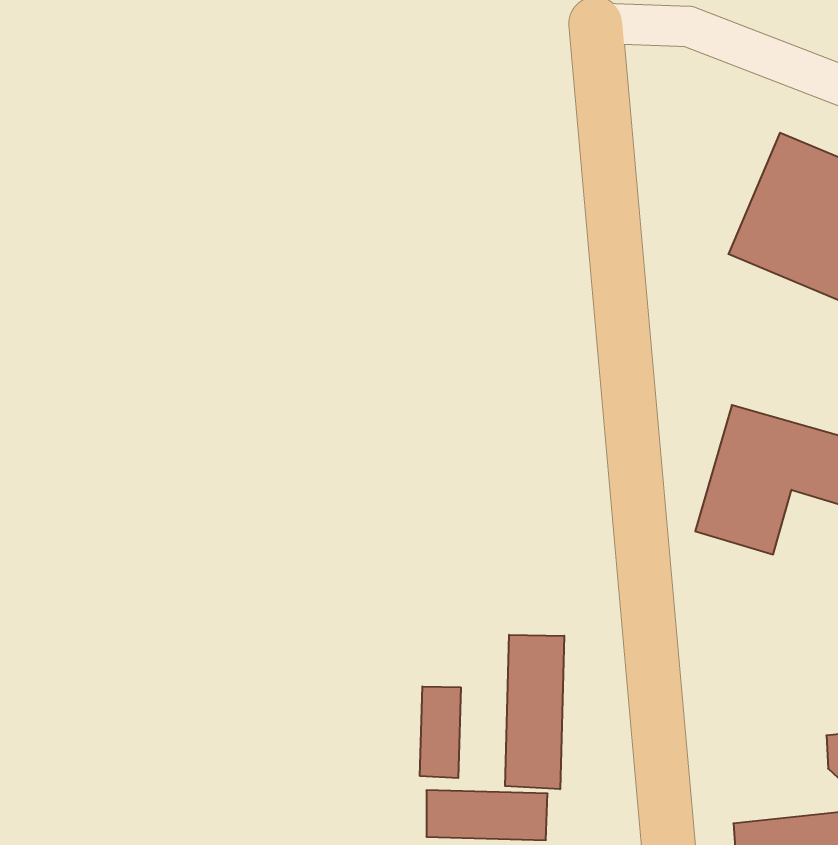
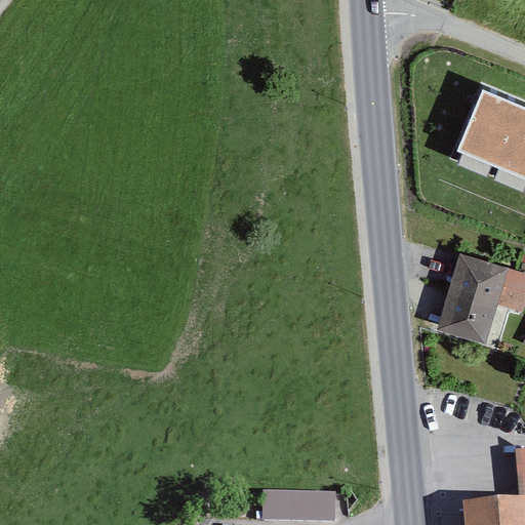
building: [505,635,564,789] -> none
building: [420,686,461,778] -> none

